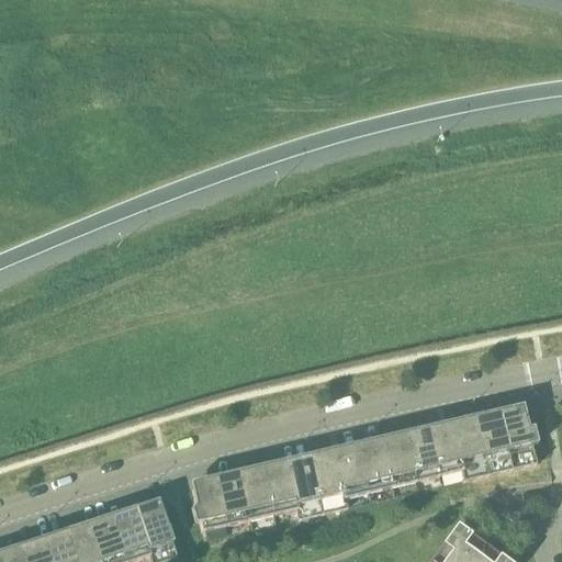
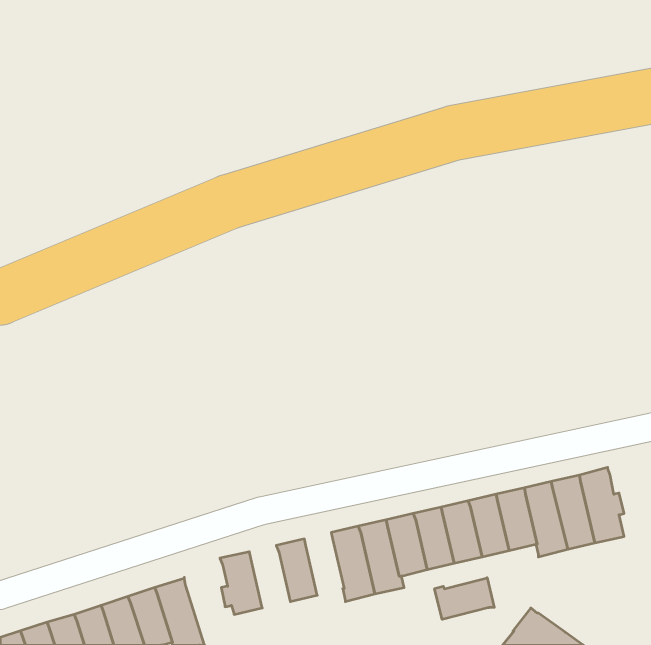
building: [263,458,297,512] -> none
building: [216,469,251,522] -> none
building: none -> [435,578,494,619]

